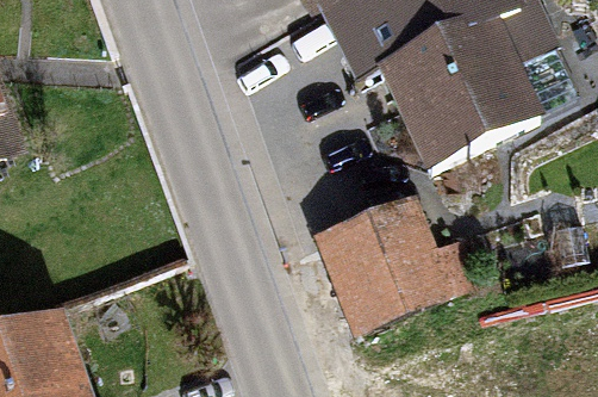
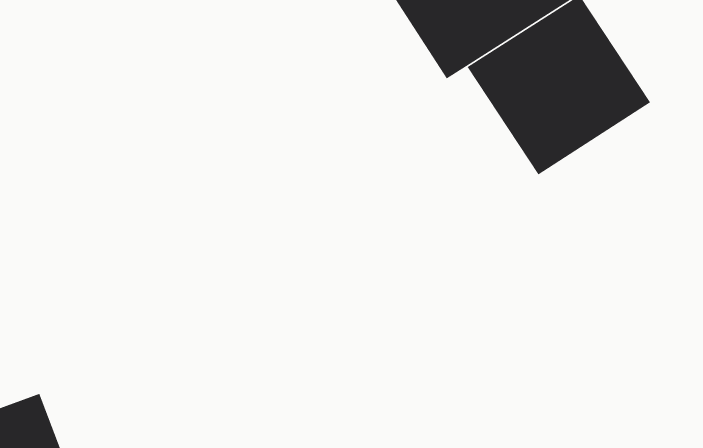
building: [325,206,446,330] -> none

